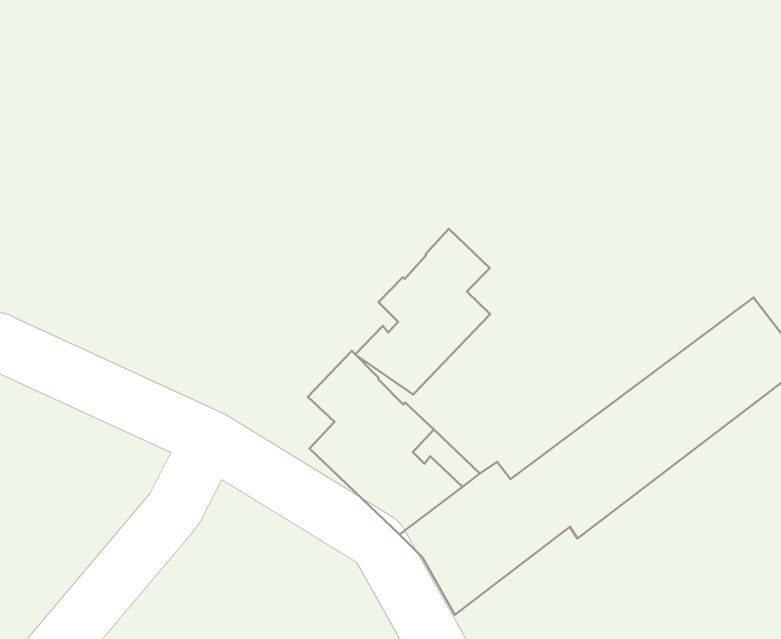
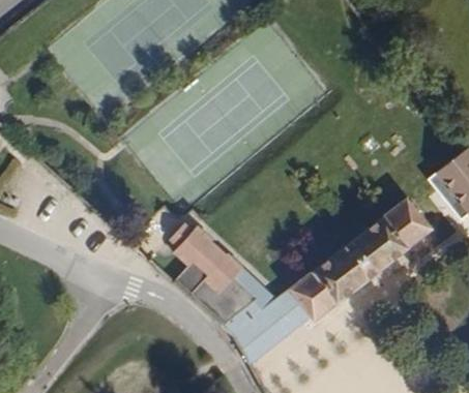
building: [355,229,490,395] -> none

